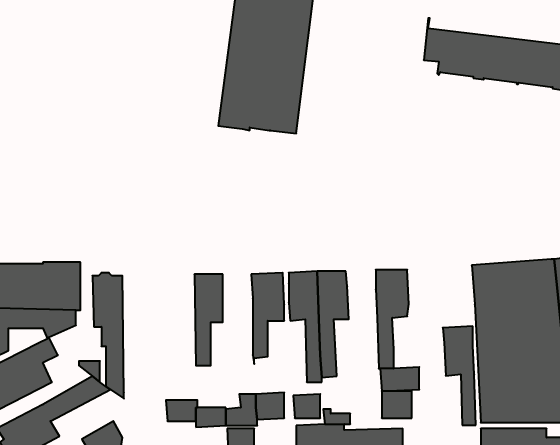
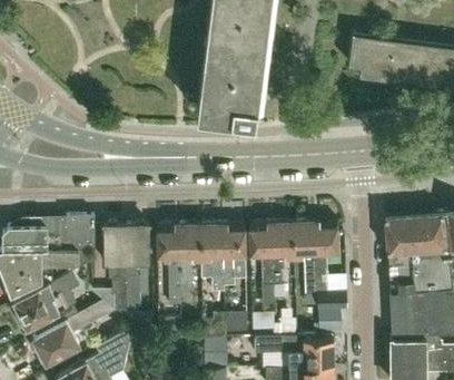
building: none -> [127,223,150,313]
building: none -> [158,225,181,306]
building: none -> [201,225,225,292]
building: [443,326,476,425] -> [293,222,317,295]

